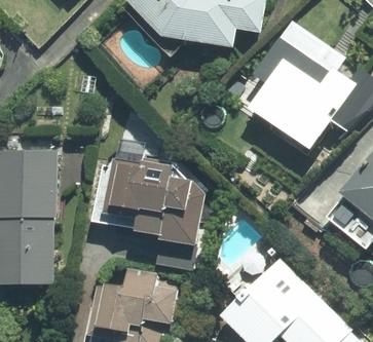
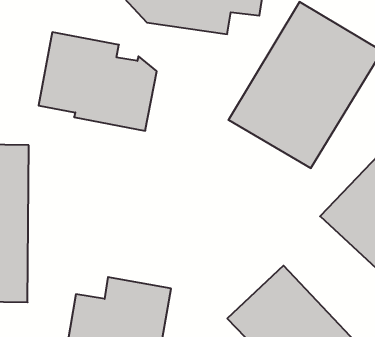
building: [99,156,204,244] -> [39,32,157,131]

